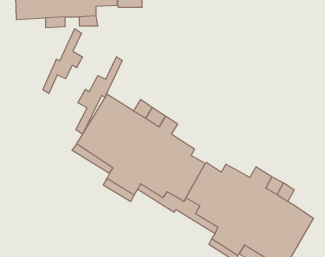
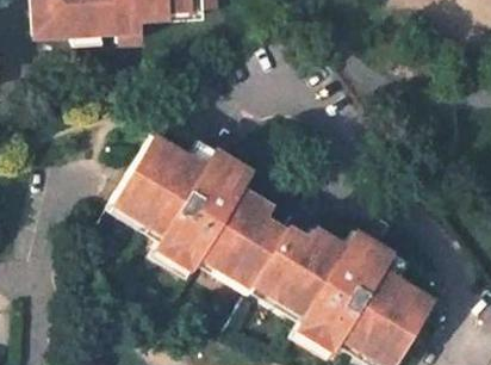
building: [43,29,82,94] -> none
building: [76,57,122,134] -> none

